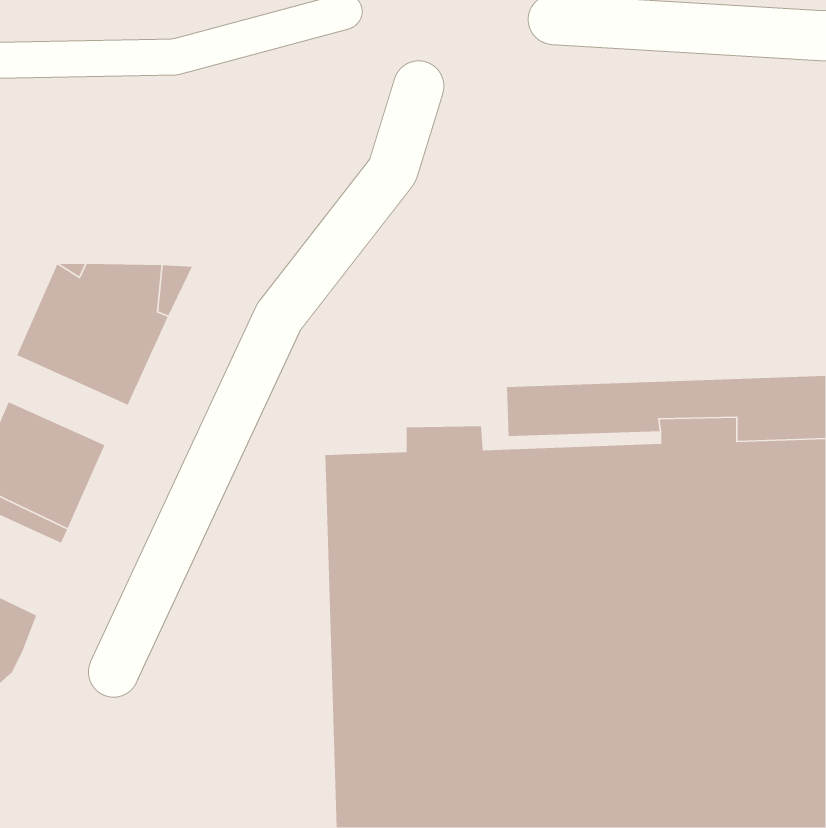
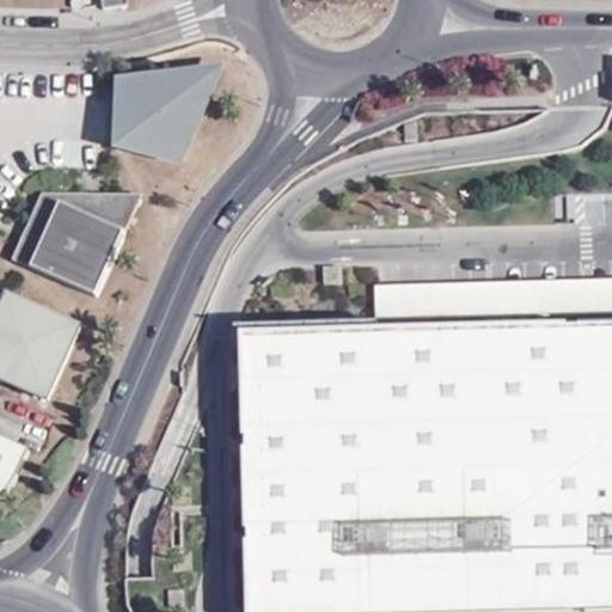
building: none -> [122,74,218,163]

